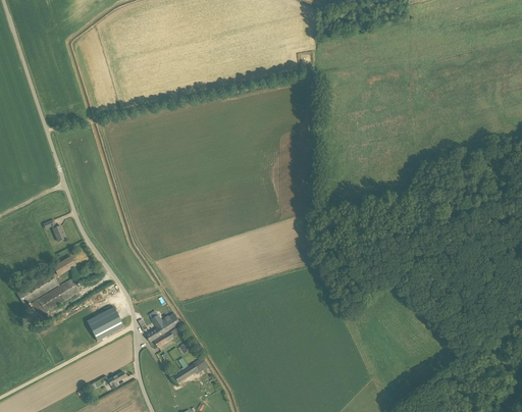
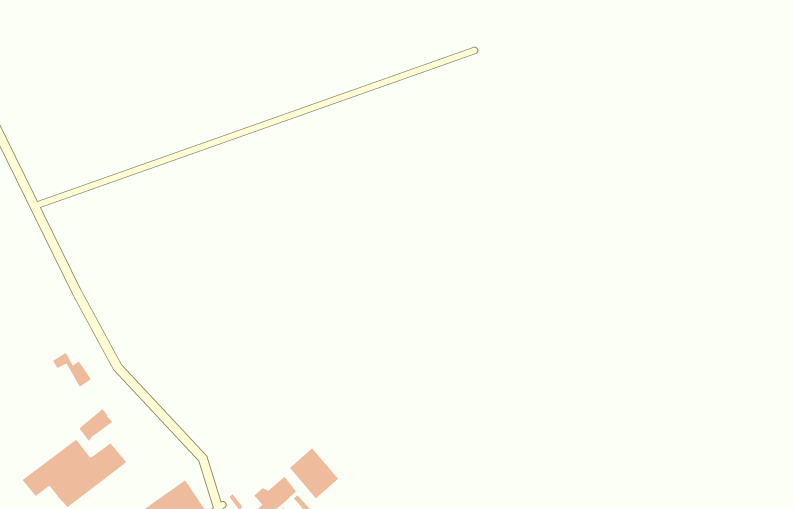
building: none -> [289,447,339,499]

